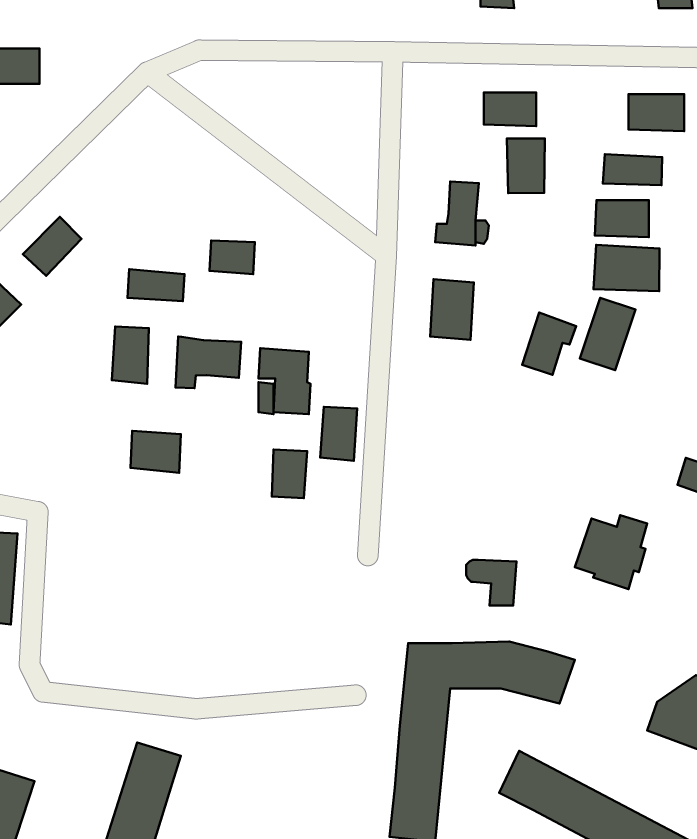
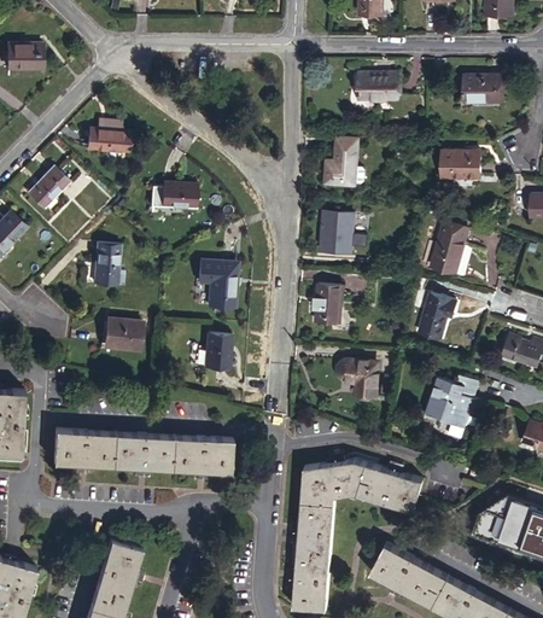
building: [507,138,545,193] -> none
building: [603,154,662,185] -> none
building: [593,245,660,291] -> none
building: [127,269,185,301] -> [84,128,125,151]
building: [522,313,576,375] -> [414,292,453,337]
building: [176,336,241,388] -> none
building: [320,407,357,461] -> [315,284,341,322]
building: [466,560,517,605] -> [339,360,375,392]
building: none -> [54,431,234,476]

